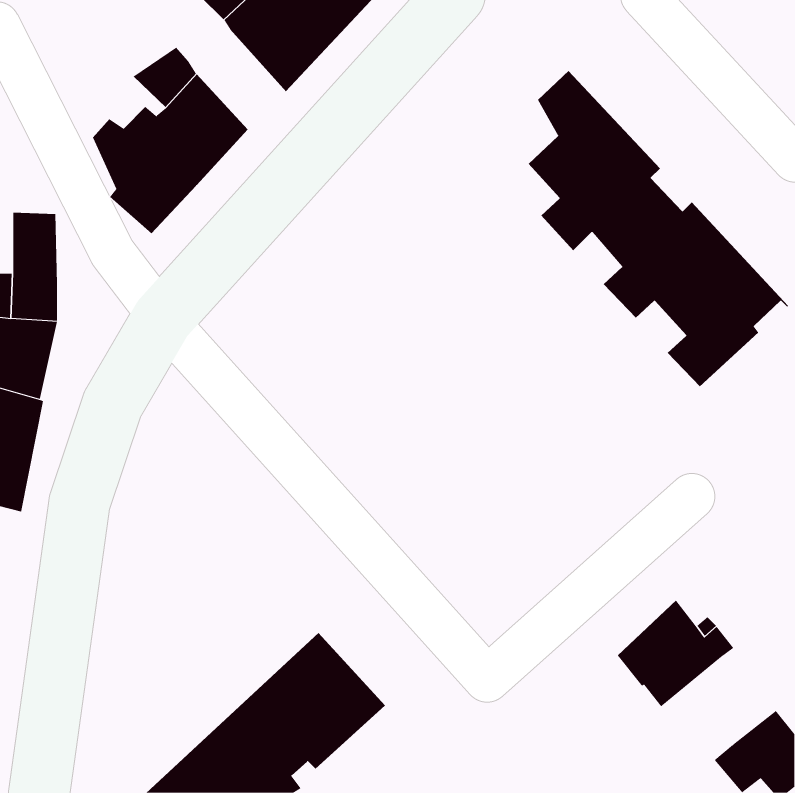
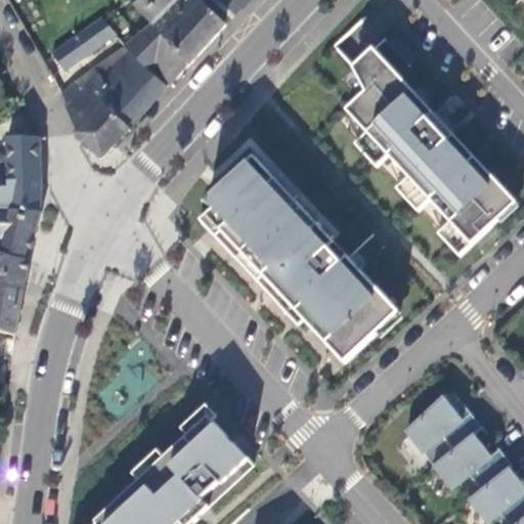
building: none -> [51,13,116,67]
building: none -> [124,19,187,85]
building: none -> [198,155,399,361]
building: none -> [432,431,512,488]

